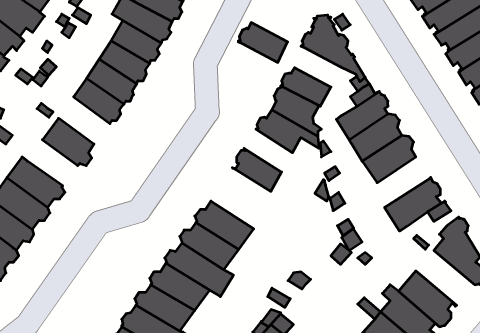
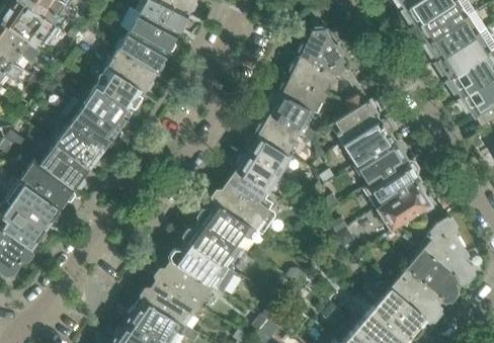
building: [238,23,288,62] -> [290,57,336,94]
building: none -> [70,103,118,148]
building: none -> [245,134,293,178]
building: none -> [40,144,88,187]
building: none -> [364,160,420,207]
building: none -> [213,171,276,233]
building: none -> [407,248,463,299]

